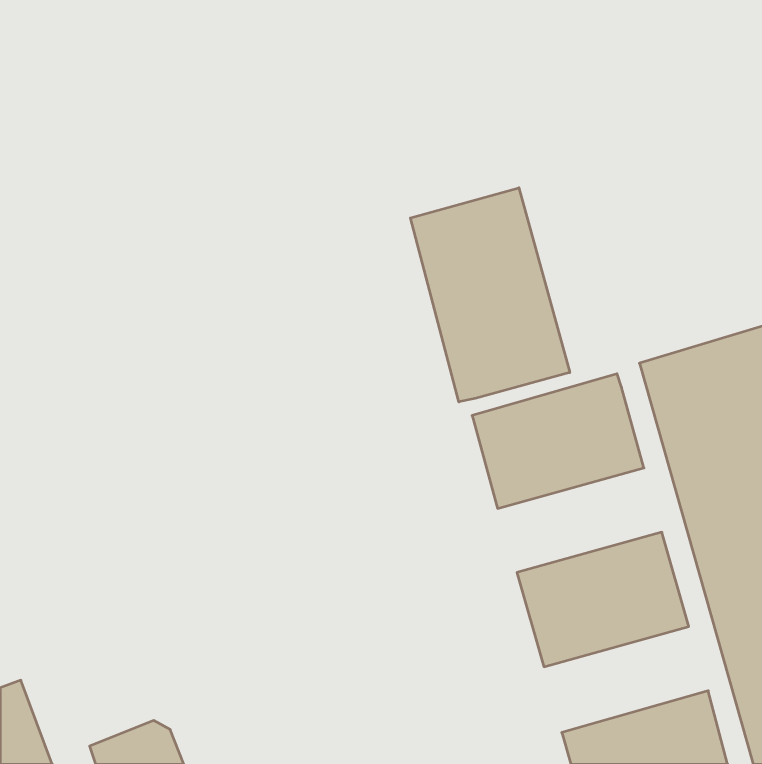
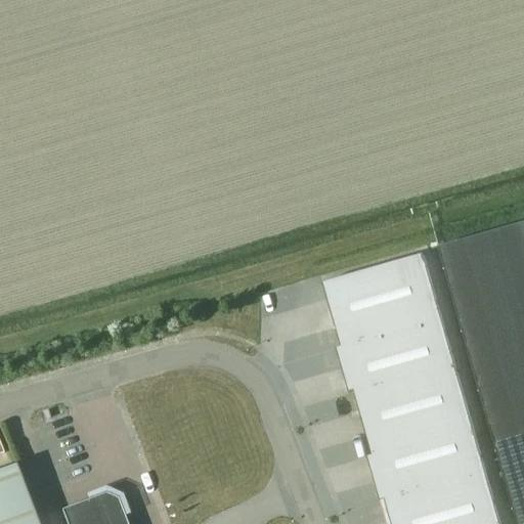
building: [410,188,570,402] -> none
building: none -> [338,320,454,394]
building: none -> [368,429,486,503]

